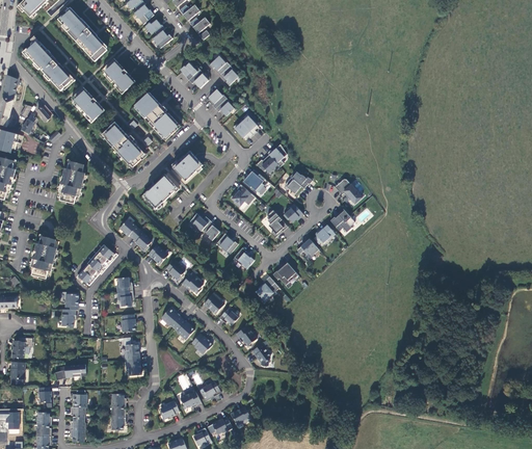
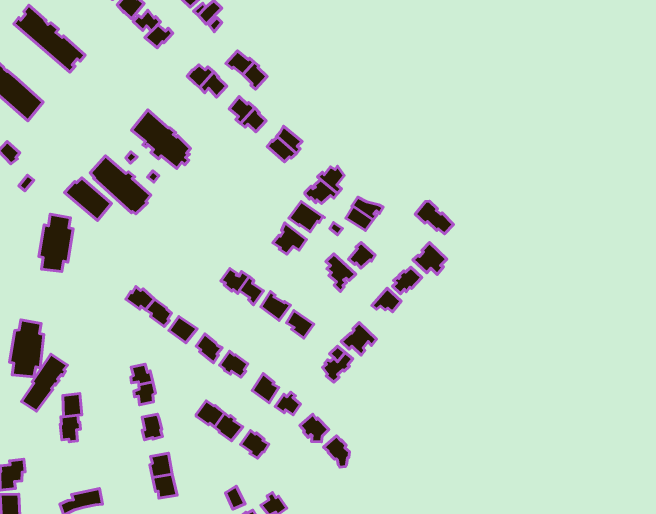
building: [102,59,135,93] -> none
building: [71,88,104,121] -> [65,178,111,221]
building: [171,153,203,181] -> none
building: [143,176,177,209] -> none
building: [78,244,114,285] -> [21,354,68,411]

